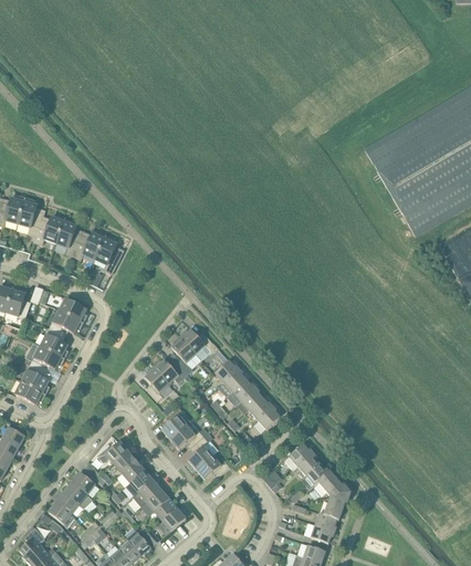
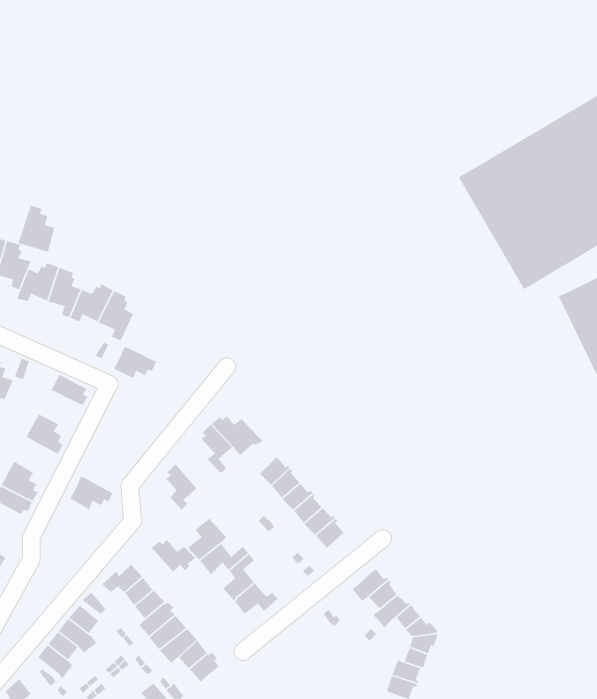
building: none -> [17,205,55,253]
building: [50,310,83,335] -> [113,345,157,379]
building: [31,345,64,371] -> [69,475,113,510]
building: [153,358,187,384] -> [151,539,196,573]

